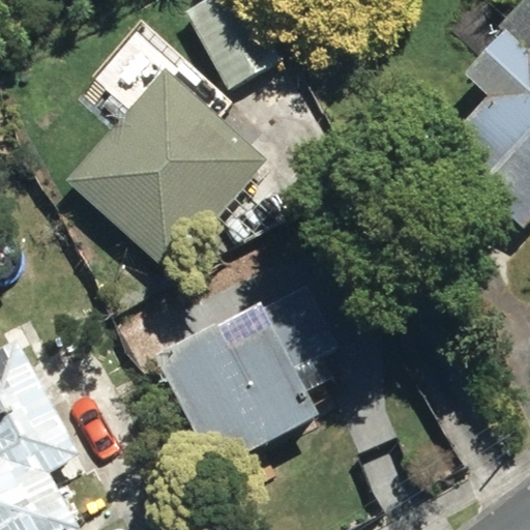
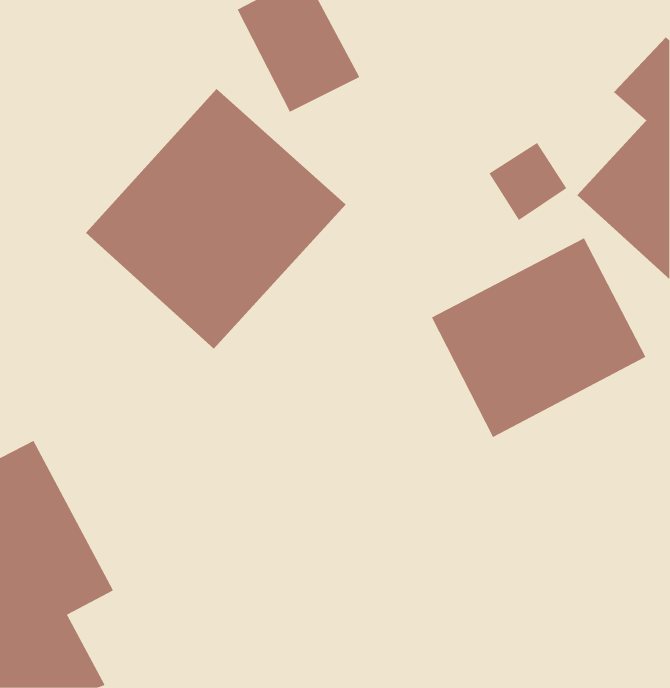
building: none -> [431,238,646,438]
building: [159,284,344,468] -> none

